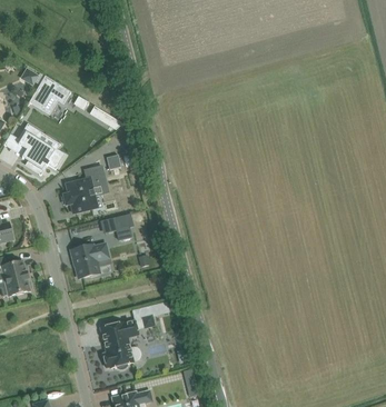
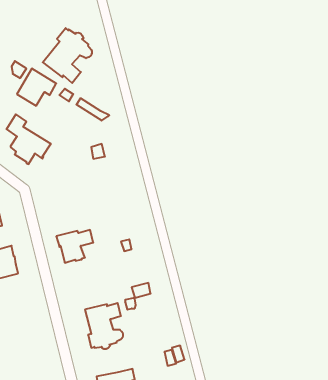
building: none -> [43,28,92,83]
building: [62,166,107,212] -> none
building: [98,214,131,239] -> none

